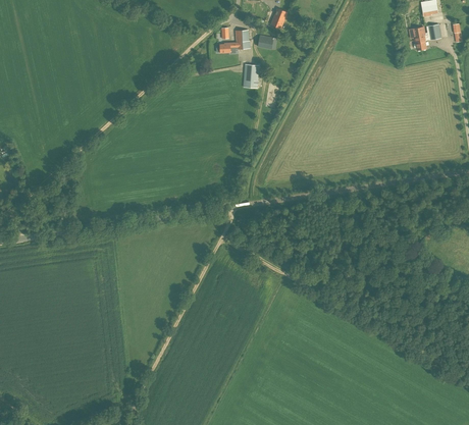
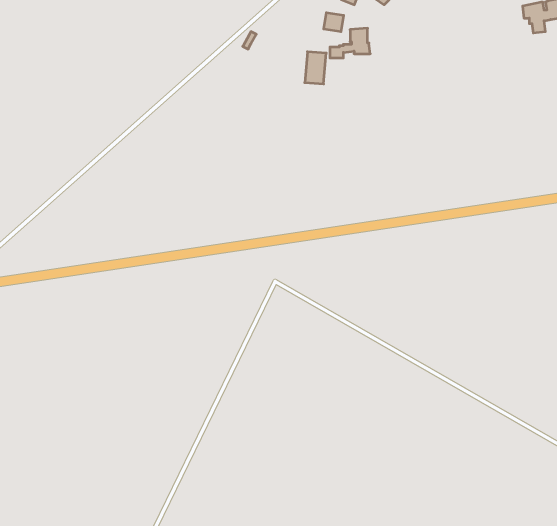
building: [219,30,250,52] -> [330,28,370,58]

